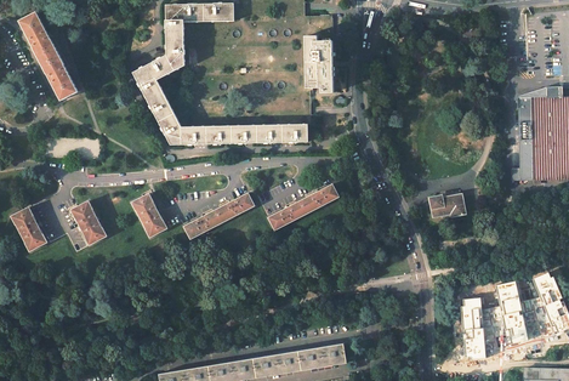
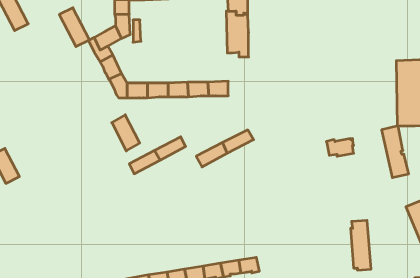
building: [40,52,78,101] -> [59,8,89,47]
building: [131,193,166,238] -> [112,115,140,151]
building: [70,201,106,245] -> none
building: [494,280,528,345] -> [382,126,409,178]

